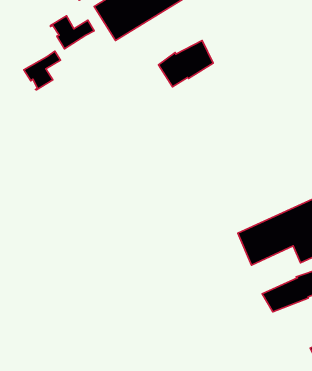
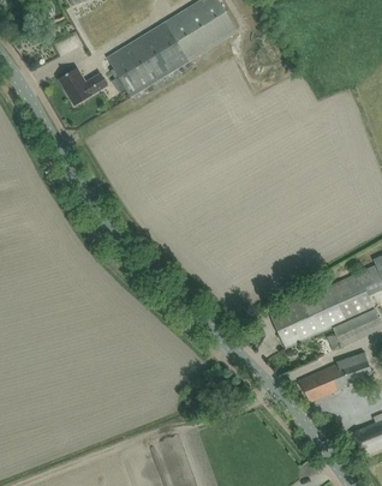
building: [159,41,213,87] -> none
building: [24,51,60,90] -> none

